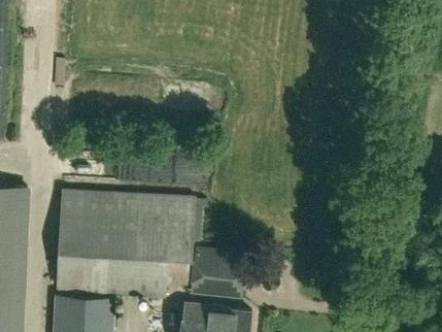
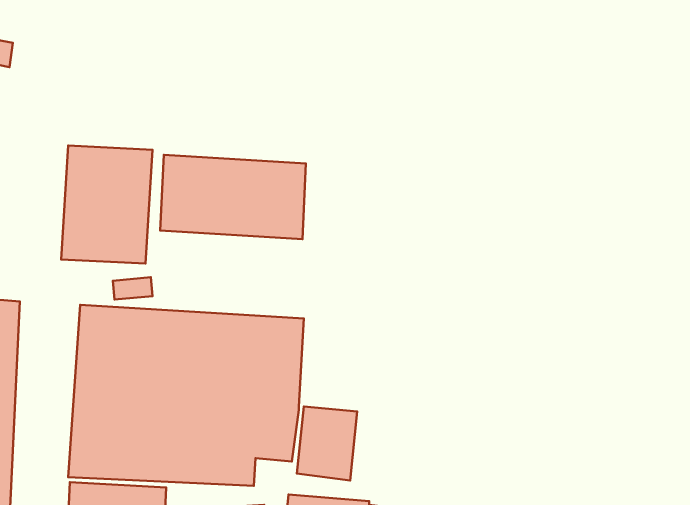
building: none -> [61,146,153,264]
building: none -> [160,155,306,239]

